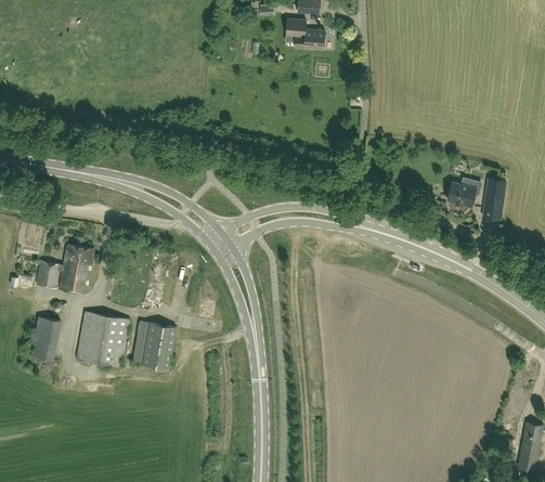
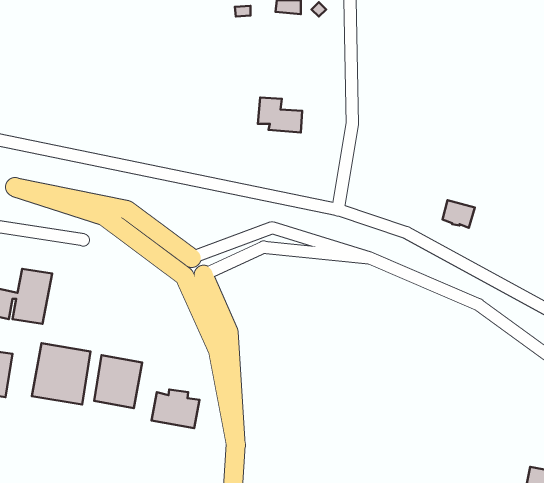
building: [284,18,324,50] -> [258,98,302,132]
building: [482,179,505,220] -> none
building: none -> [151,389,200,428]

